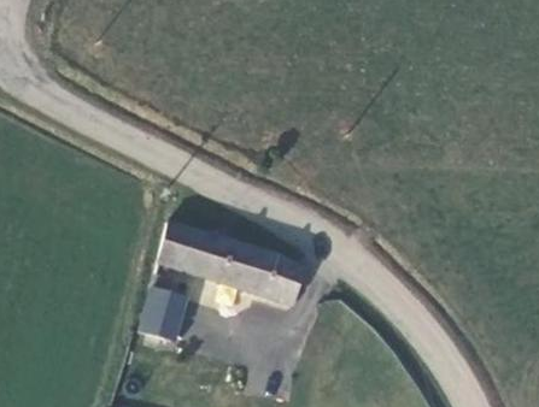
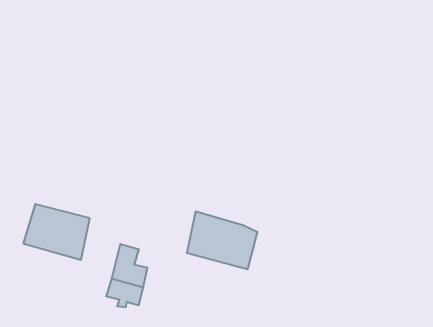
building: [162,224,235,285] -> [23,204,90,260]

